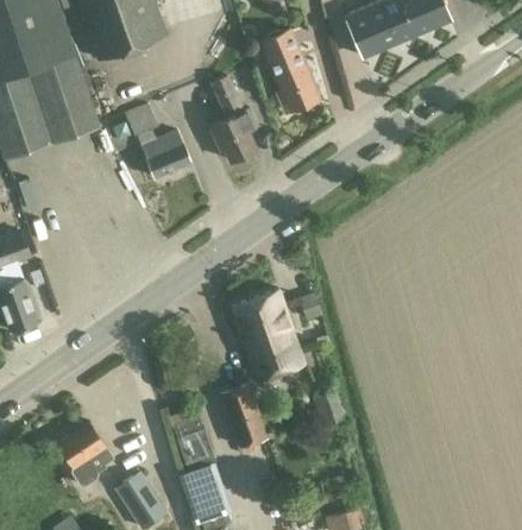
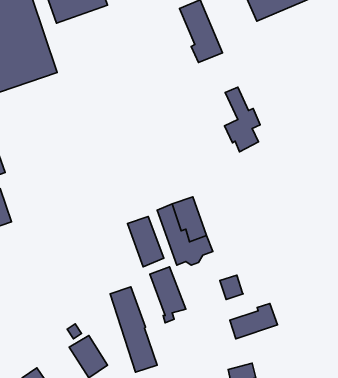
building: [210,76,258,162] -> [224,87,260,152]
building: [125,105,191,178] -> none
building: none -> [127,216,164,267]
building: [58,422,114,486] -> none
building: none -> [230,303,277,339]

